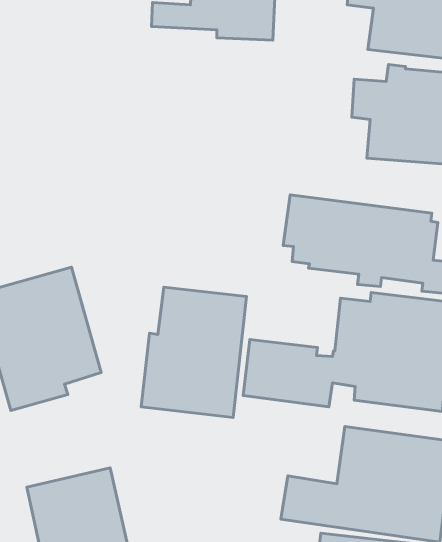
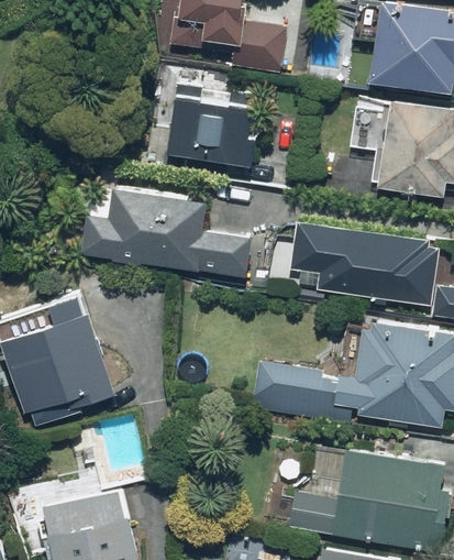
building: none -> [167,86,261,174]
building: none -> [73,180,254,275]
building: [141,287,247,417] -> none

